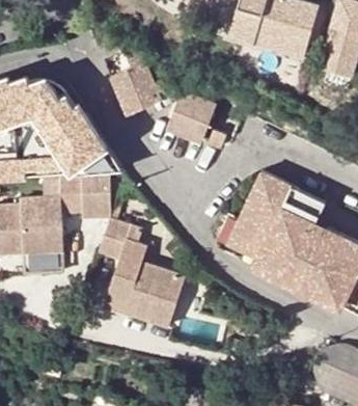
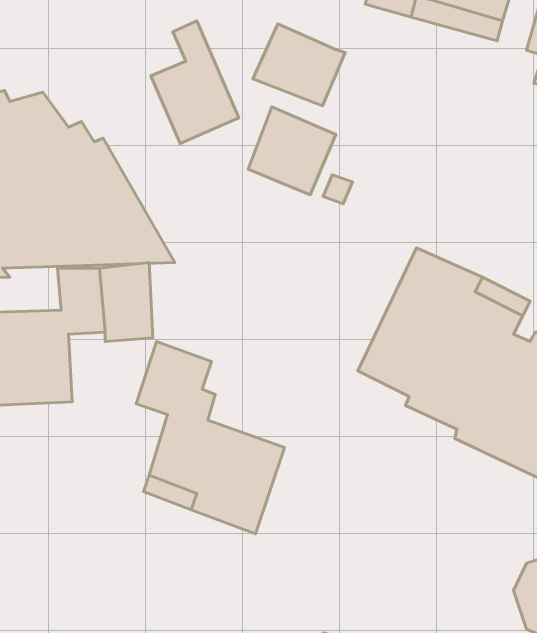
building: none -> [253,24,345,106]

